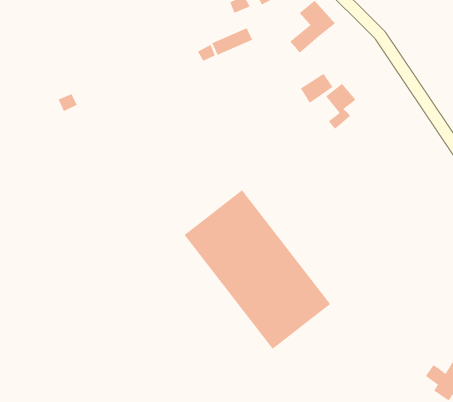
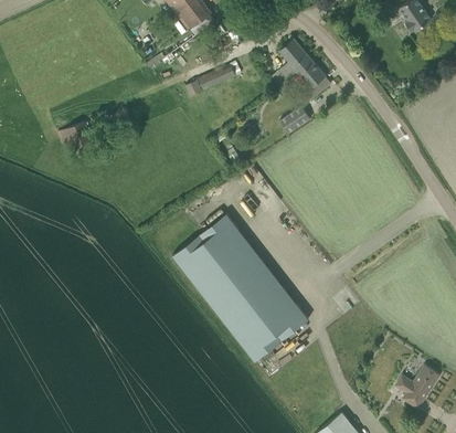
building: [325,83,357,130] -> [297,61,326,104]

